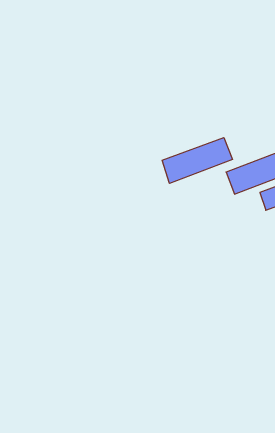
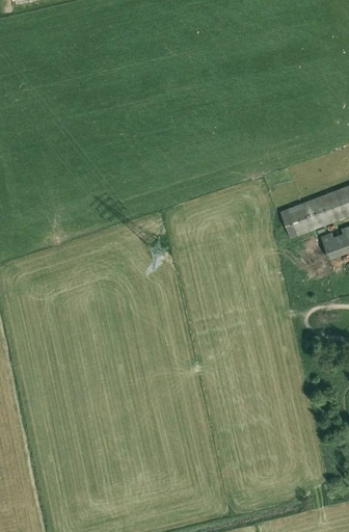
building: [162,138,233,183] -> none

